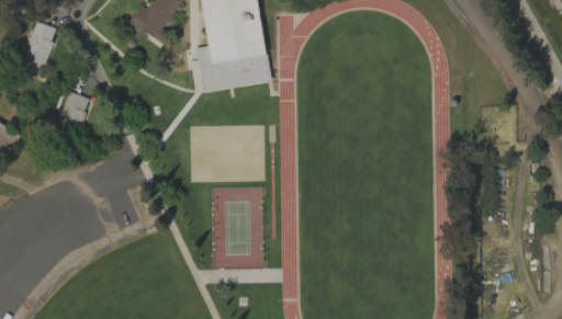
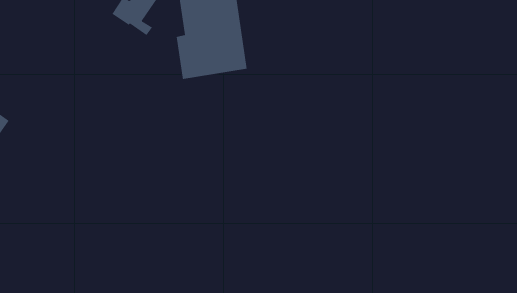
building: [20,21,57,72] -> none
building: [58,91,88,130] -> none

